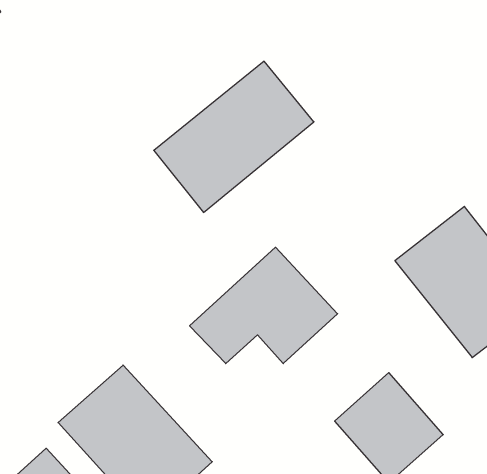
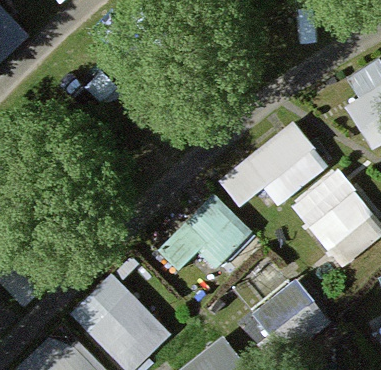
building: [154,61,314,212] -> [218,121,324,221]

